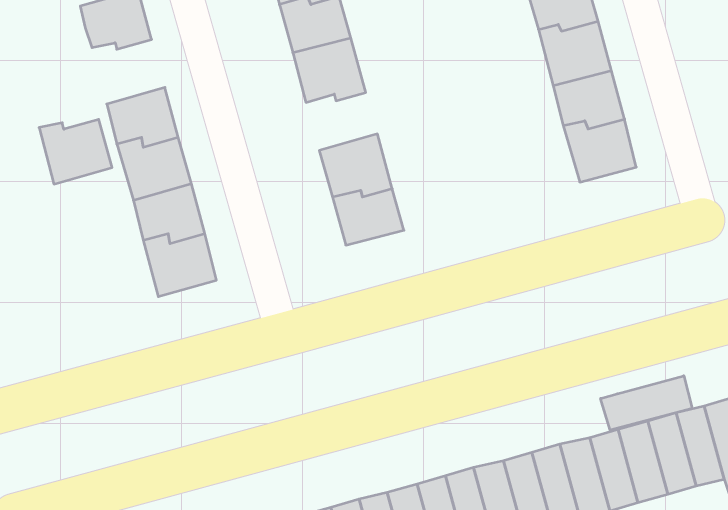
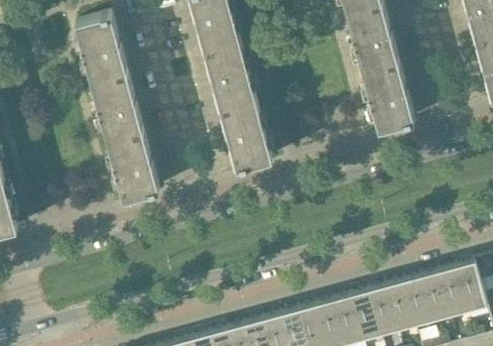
building: none -> [212,78,255,113]
building: [39,119,112,184] -> [82,45,126,85]
building: [601,376,692,430] -> none

